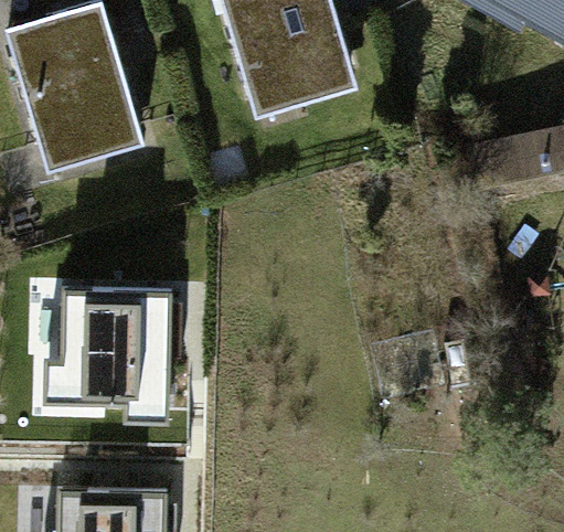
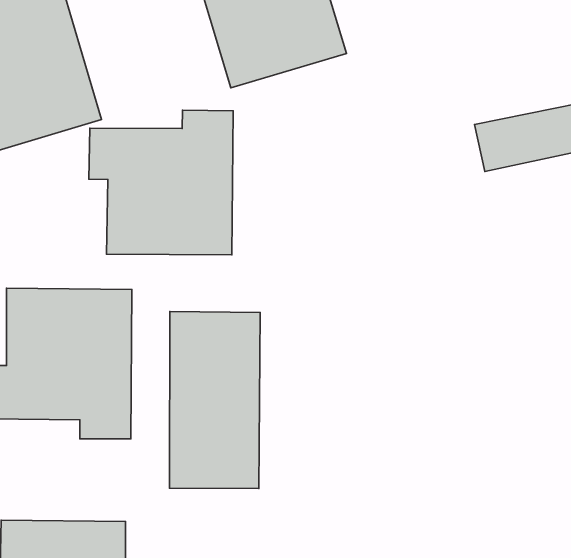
building: none -> [89,110,233,255]
building: none -> [170,311,260,488]

